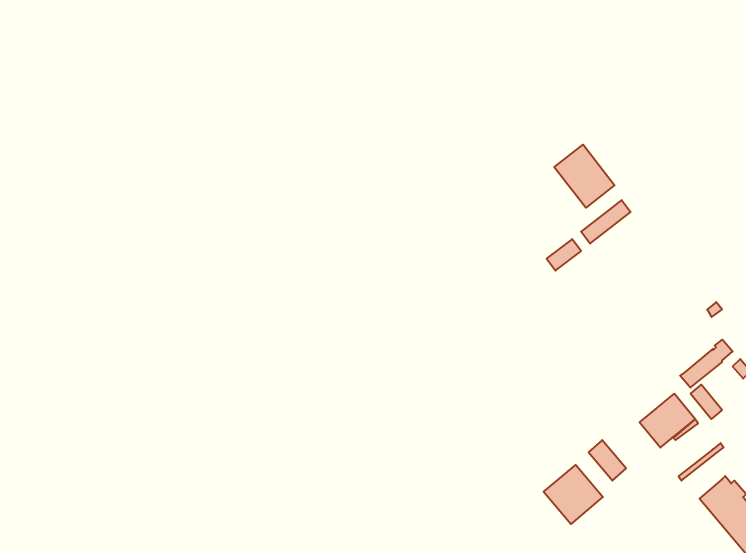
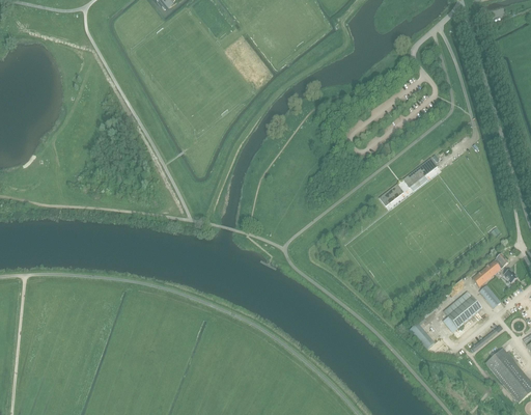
building: [554,145,615,208] -> none
building: [544,465,603,524] -> none

